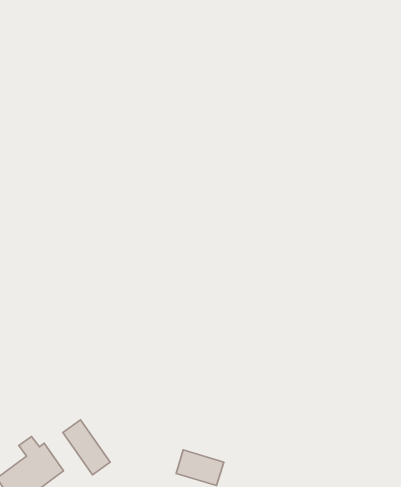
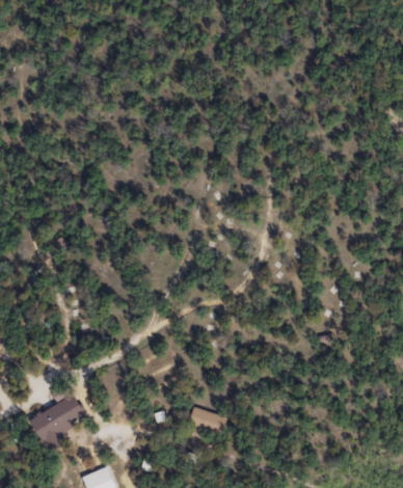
building: [63,420,110,475] -> none

